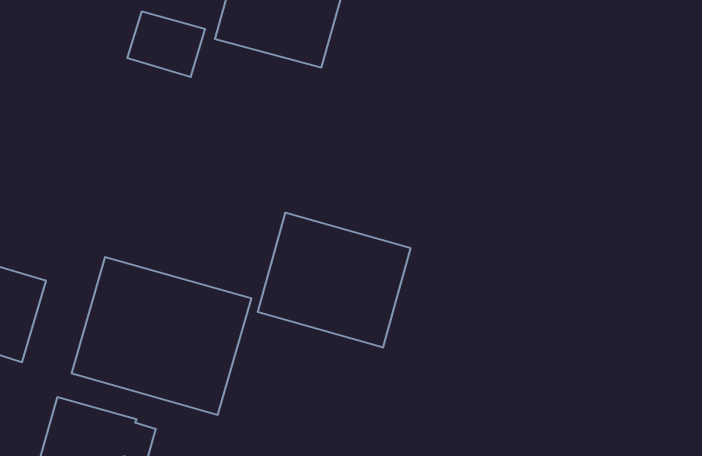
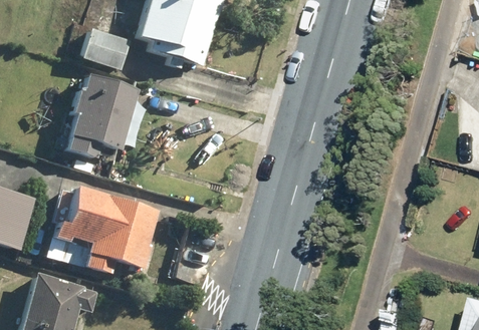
building: none -> [67,73,139,161]
building: [258,213,410,348] -> none

